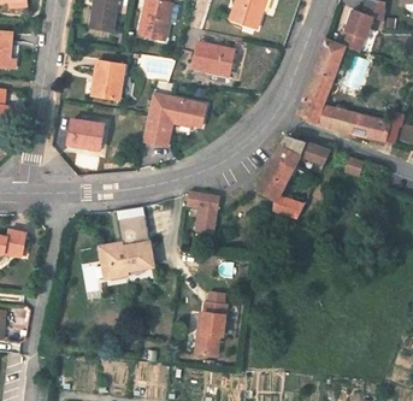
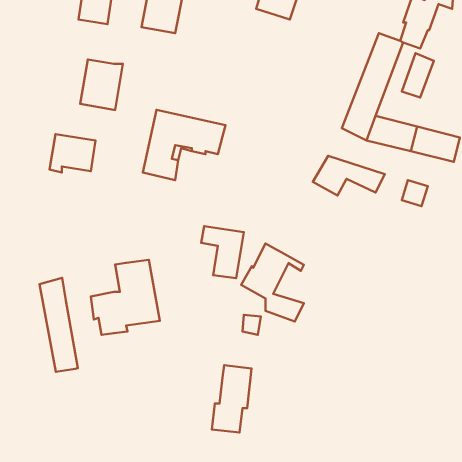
building: [193,42,235,75] -> none
building: [255,157,305,218] -> [241,243,304,321]
building: none -> [40,278,78,372]

